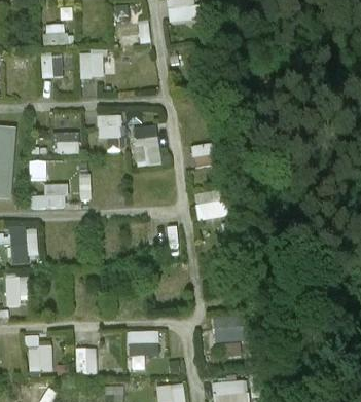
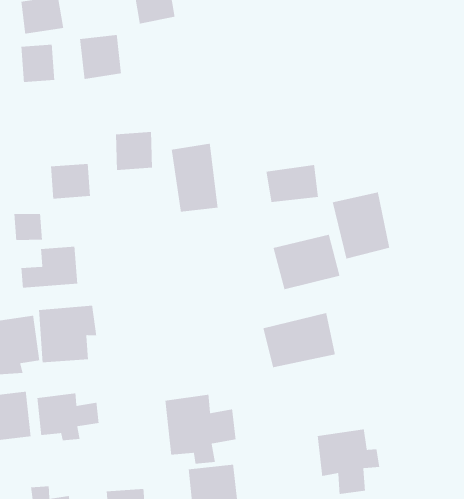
building: none -> [332,192,390,259]
building: none -> [38,305,97,363]
building: none -> [262,312,336,368]
building: none -> [36,392,100,441]
building: none -> [165,394,237,464]

